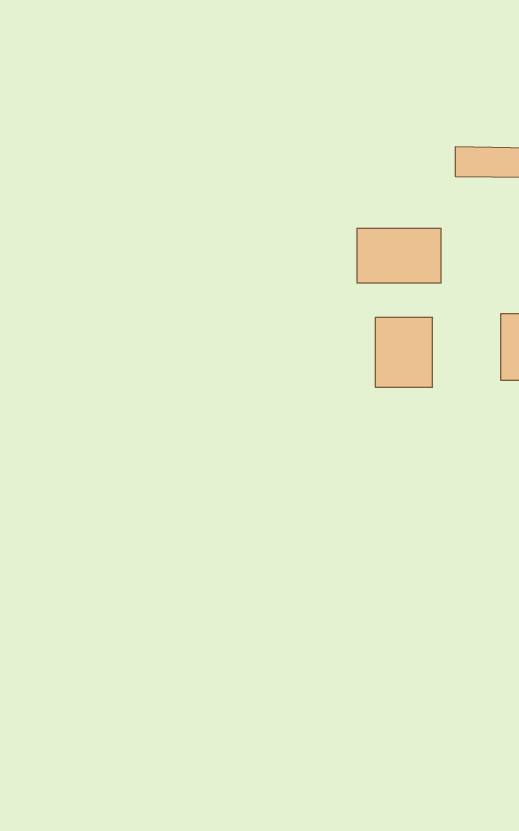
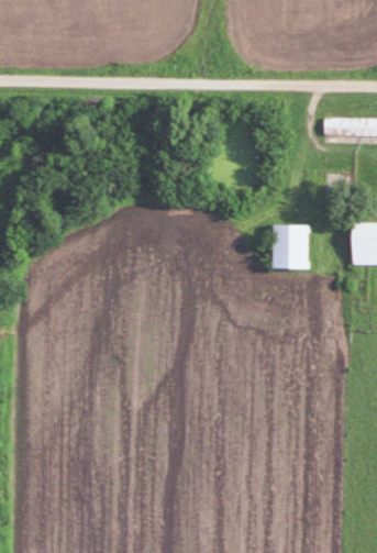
building: [357,228,441,283] -> none

